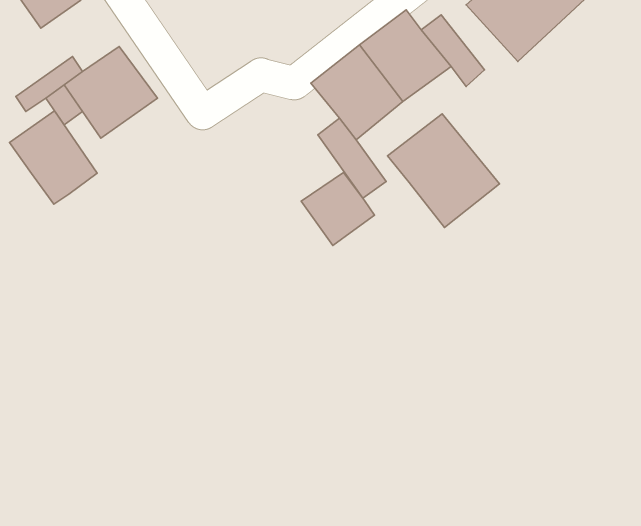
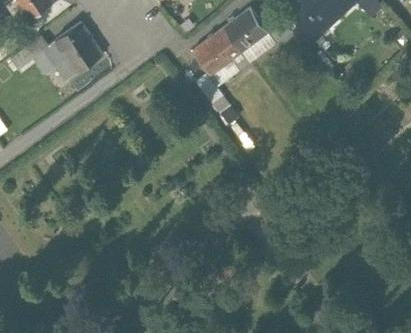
building: [9,111,97,204] -> none
building: [387,114,500,228] -> none
building: [301,172,375,246] -> none

